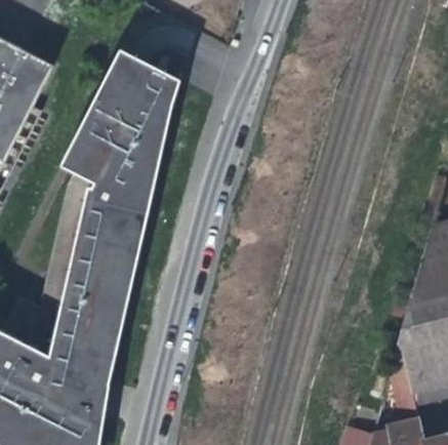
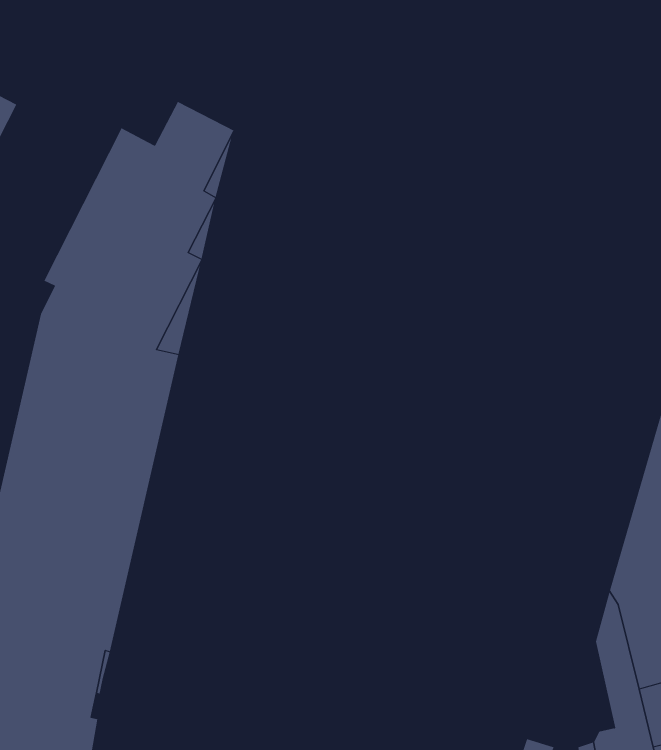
building: [60,48,146,166] -> none

